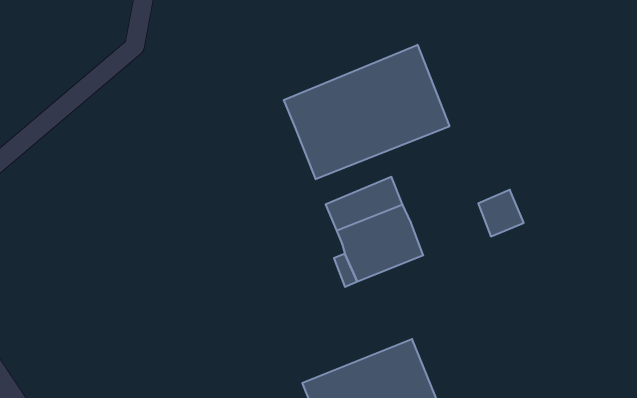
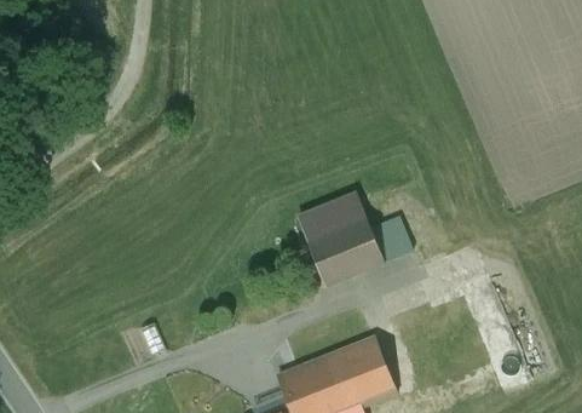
building: [284,45,449,179] -> none
building: [478,190,524,236] -> [371,220,411,262]

